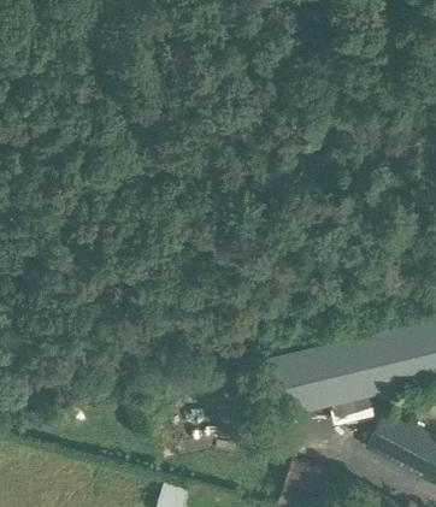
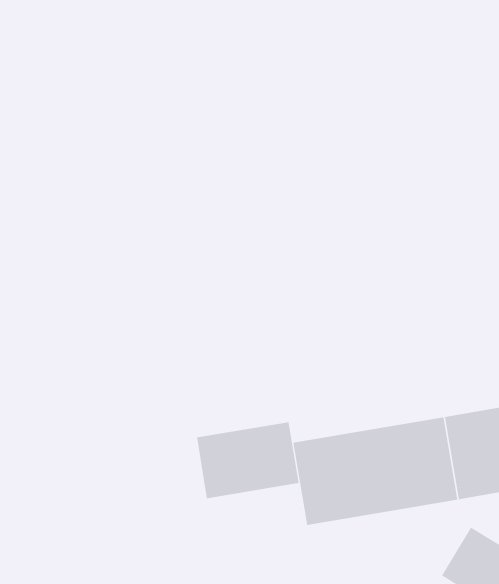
building: none -> [196,421,299,499]

